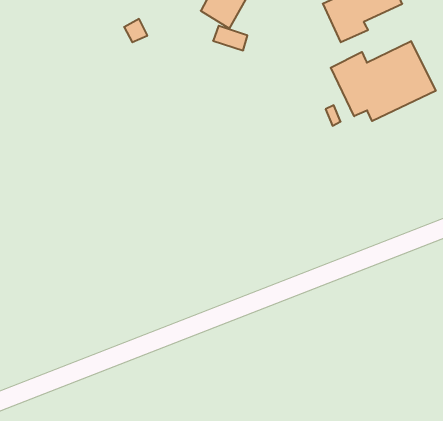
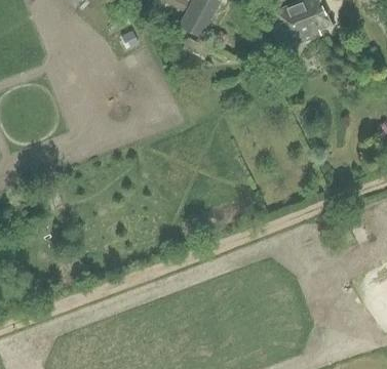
building: [331,41,436,121] -> none

